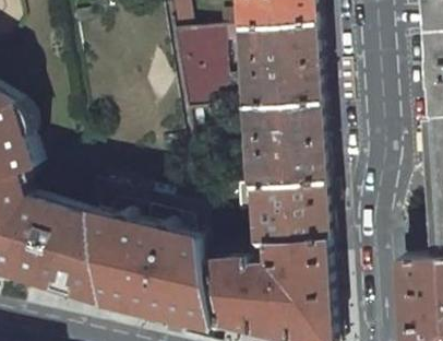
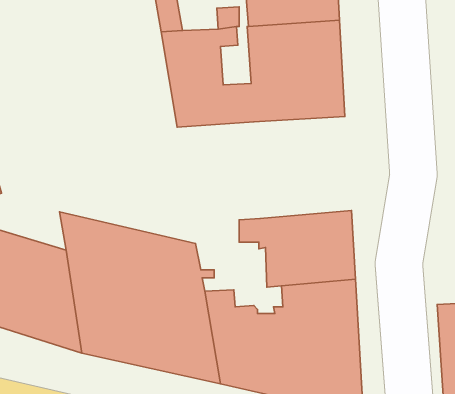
building: [241,105,325,189] -> none

